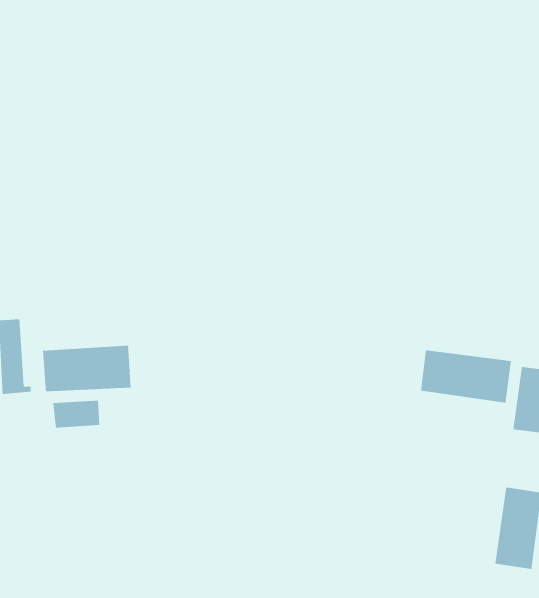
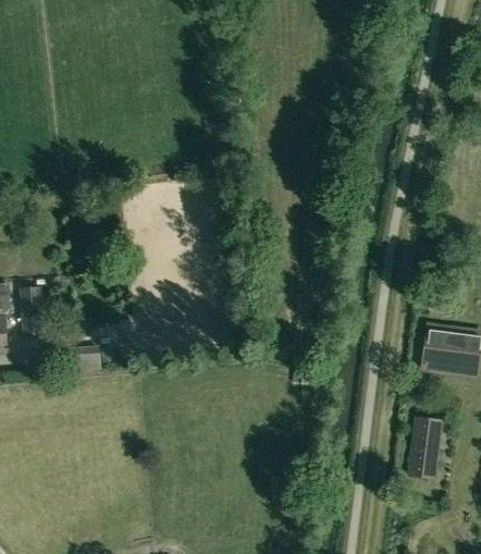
building: [43,345,131,392] -> none
building: [421,349,511,403] -> none

